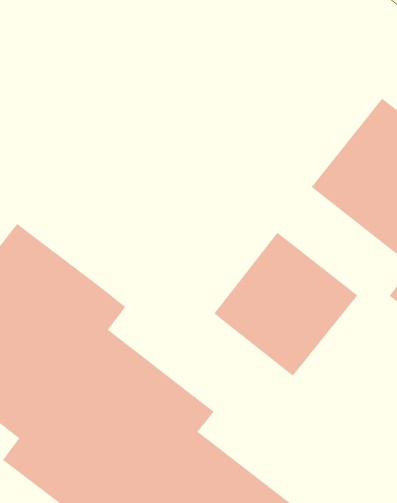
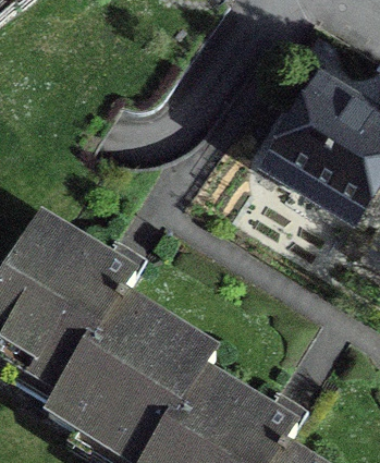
building: [214,232,358,377] -> none

